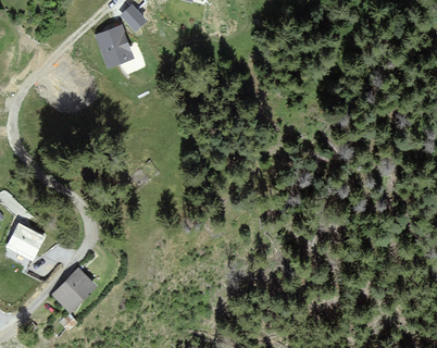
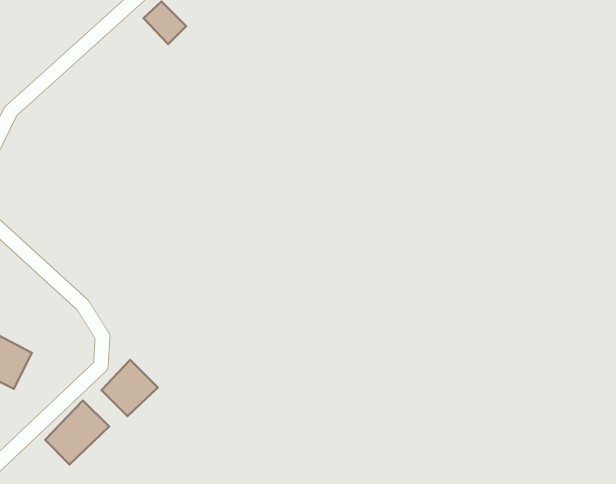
building: [93,24,134,69] -> none
building: none -> [102,360,158,416]

